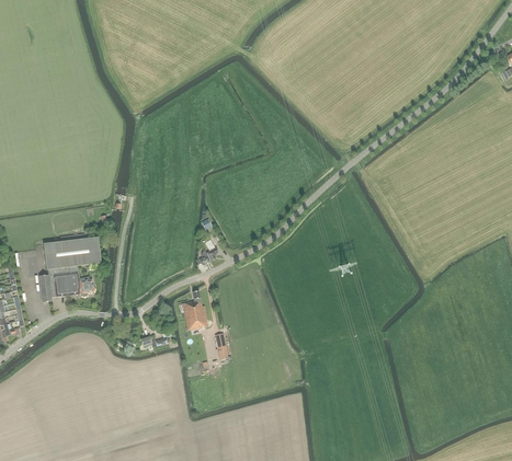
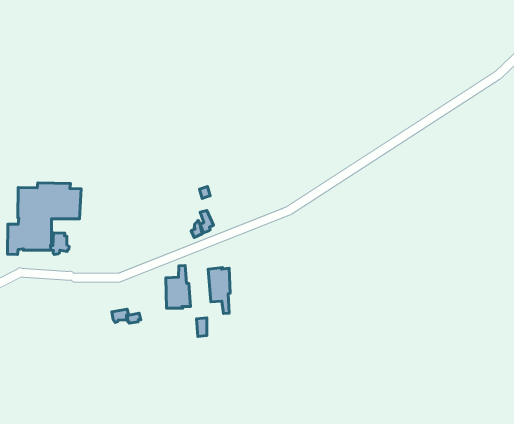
building: none -> [208,268,230,313]

